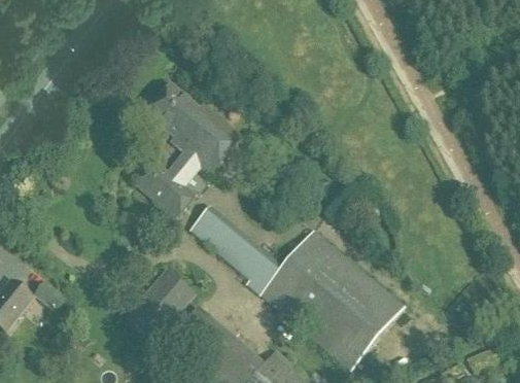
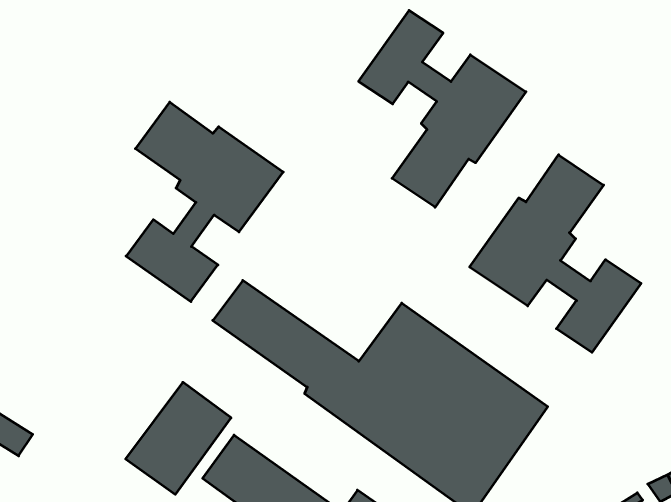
building: none -> [359,10,526,207]
building: none -> [470,155,641,352]

